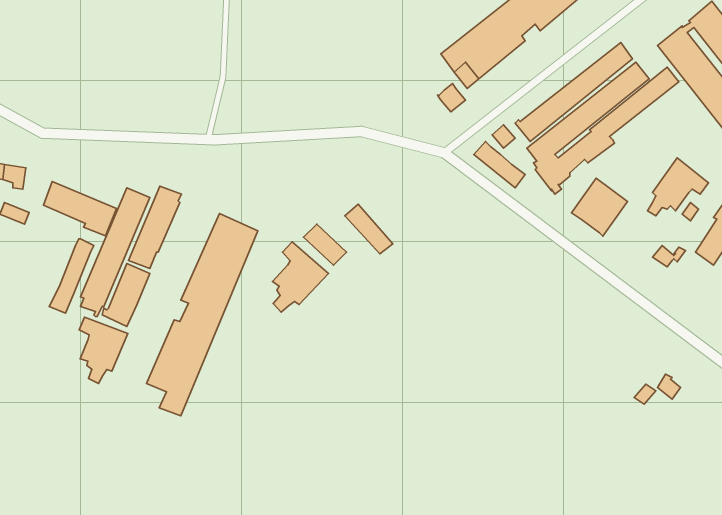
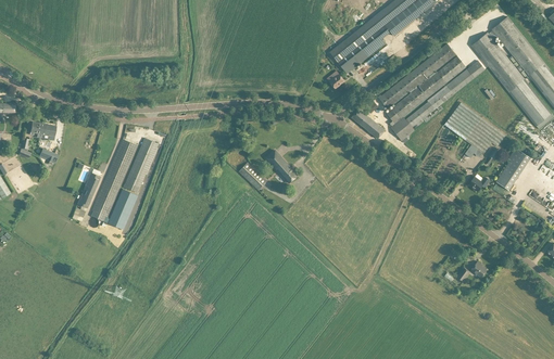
building: [571,178,628,236] -> [443,102,480,140]
building: [43,181,116,236] -> none
building: [146,213,258,416] -> none
building: [272,242,328,312] -> none
building: [79,317,128,384] -> none

